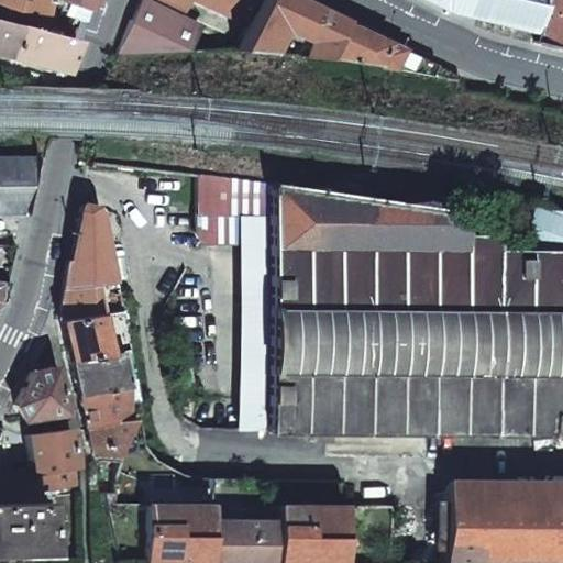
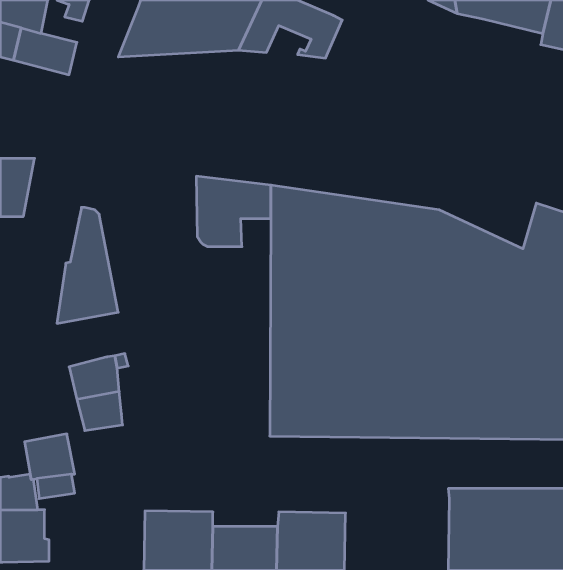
building: [328,20,467,81] -> none
building: [243,216,274,430] -> none
building: [63,308,125,362] -> none
building: [20,367,69,419] -> none
building: [90,417,136,459] -> none

